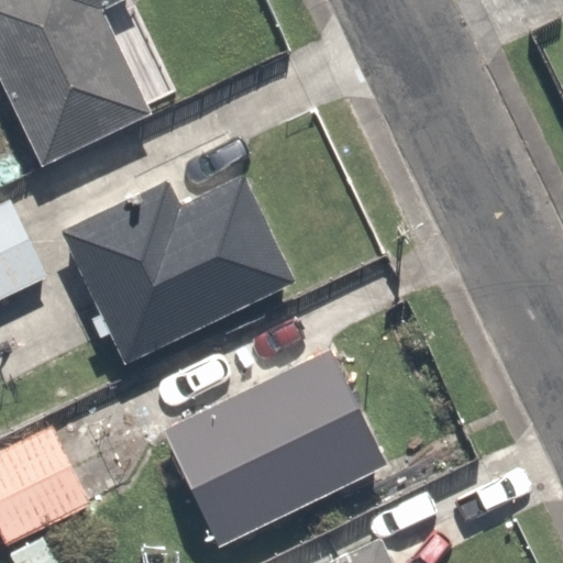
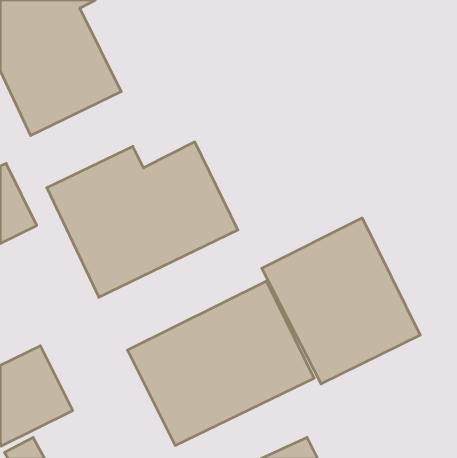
building: none -> [262,218,420,384]

